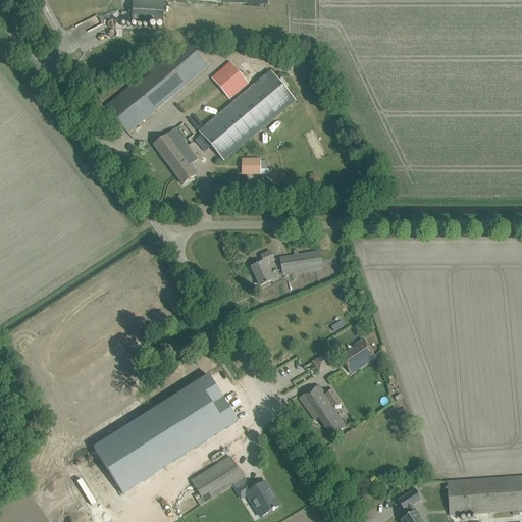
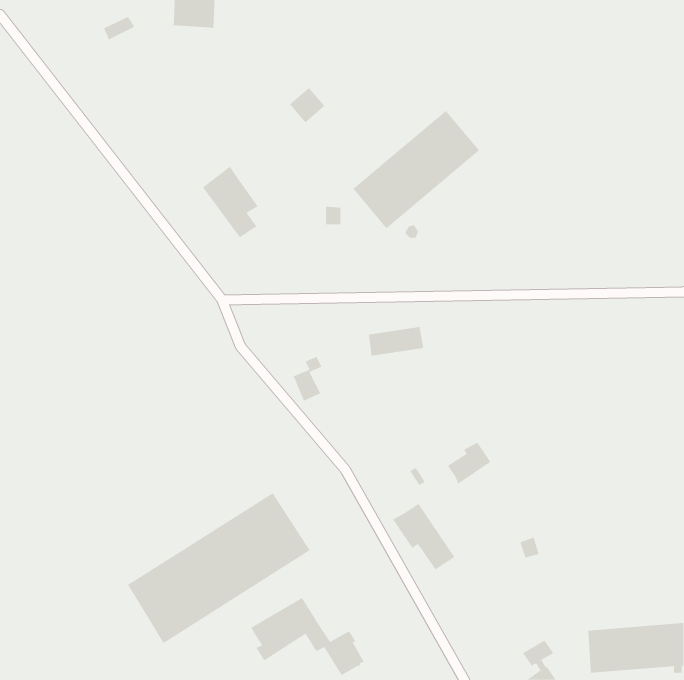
building: [106,41,208,130] -> none
building: [199,68,296,159] -> [353,110,480,229]
building: [252,249,274,283] -> [293,356,322,402]

